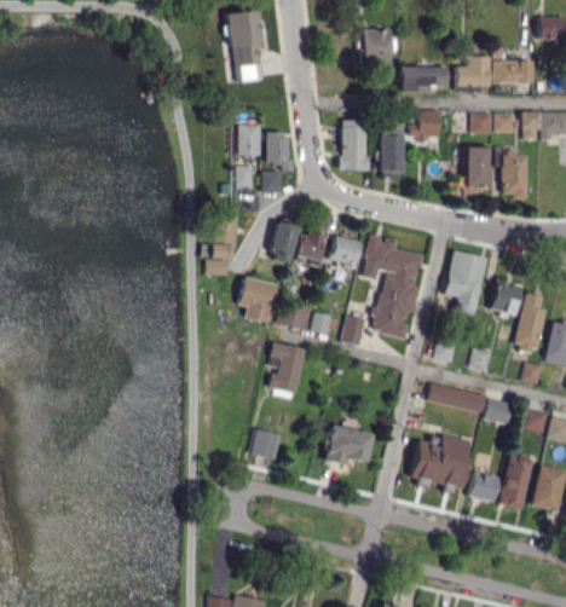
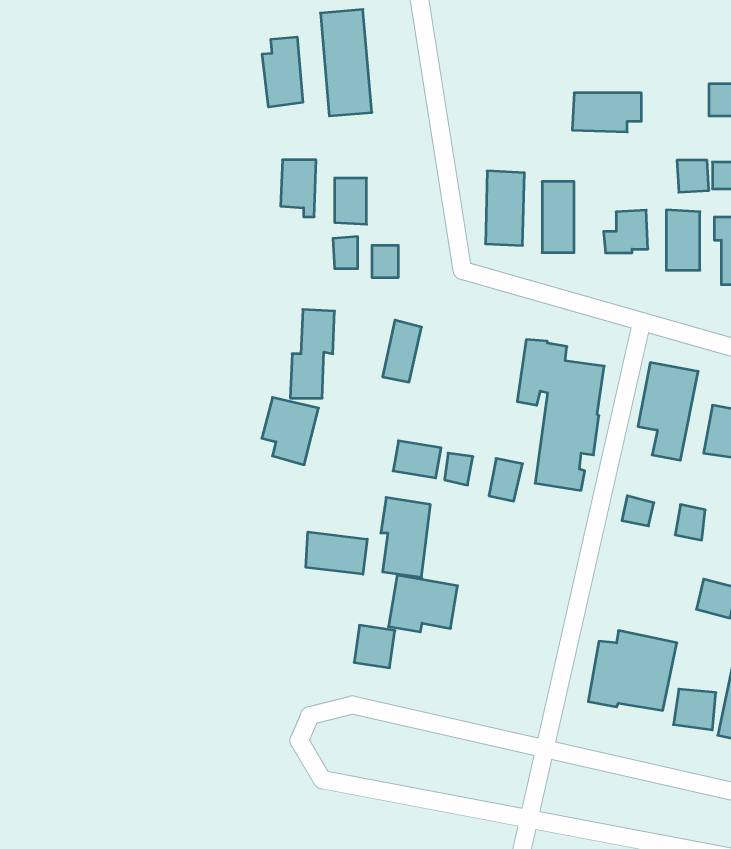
building: none -> [262,37,303,107]
building: [360,29,392,79] -> none
building: [456,56,490,86] -> none
building: [410,110,440,139] -> [604,210,648,253]
building: [266,132,290,170] -> [281,160,316,217]
building: [296,232,323,266] -> none
building: [329,236,360,270] -> none
building: [238,277,277,323] -> [262,397,319,465]
building: none -> [306,532,367,574]
building: [428,383,486,412] -> none
building: [325,426,372,464] -> [388,575,458,632]

